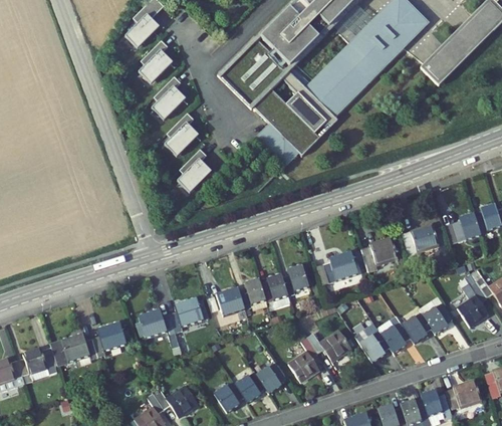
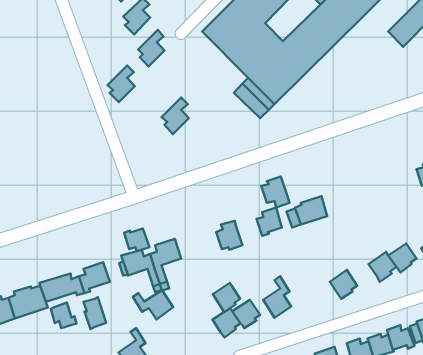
building: [168,110,197,149] -> [107,66,135,102]
building: [400,223,438,261] -> none
building: [359,235,397,271] -> none
building: [259,272,289,305] -> [261,177,289,208]
building: none -> [124,229,150,251]
building: [217,286,244,314] -> none
building: [375,314,410,352] -> none
building: [306,329,350,361] -> none
building: none -> [84,297,106,329]
building: none -> [51,303,76,328]
building: [214,380,243,411] -> [213,283,240,312]
building: [153,385,196,416] -> [133,290,173,319]

